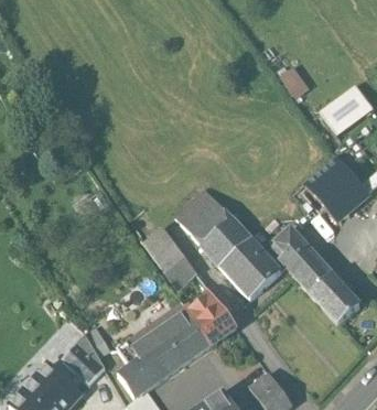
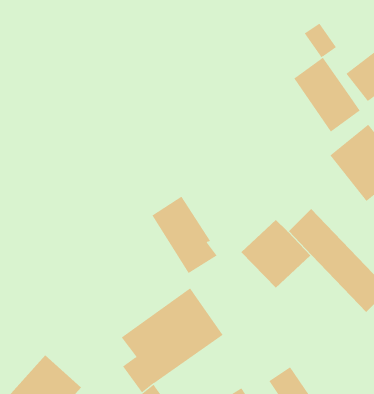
building: none -> [293,57,360,132]
building: [174,186,257,270] -> none
building: [184,290,236,345] -> none
building: [62,333,105,385] -> none

